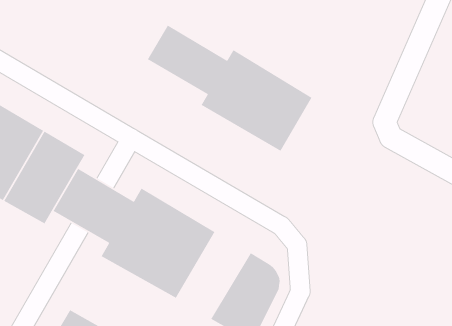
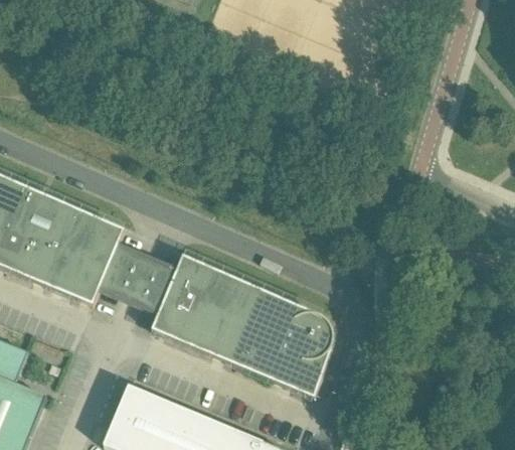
building: [147,24,313,152] -> none
building: none -> [231,290,300,378]

